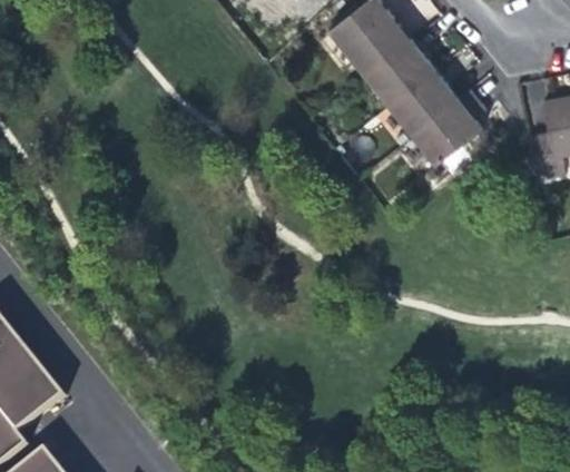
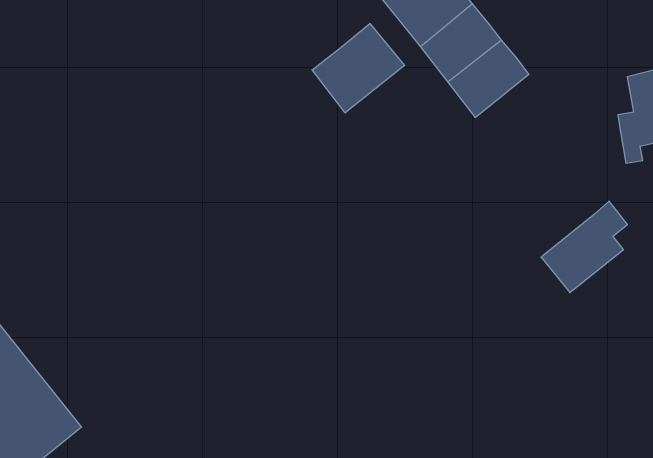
building: none -> [312,23,405,113]
building: [410,88,483,166] -> [541,201,627,293]

